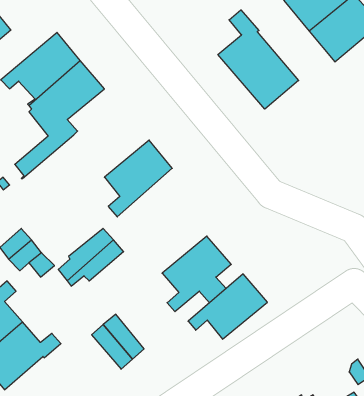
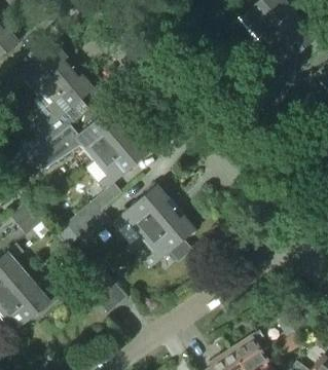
building: [218,10,299,109] -> none
building: none -> [29,107,131,166]
building: [188,274,267,339] -> [113,184,177,236]

